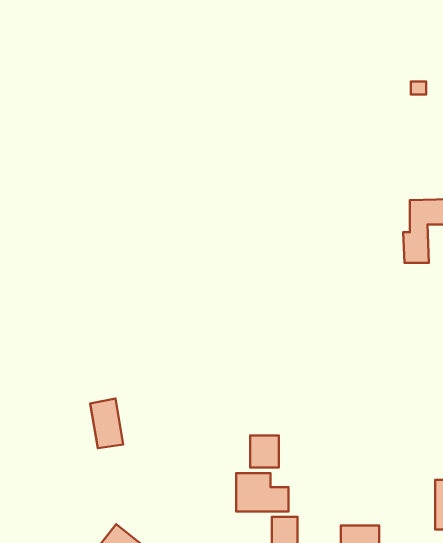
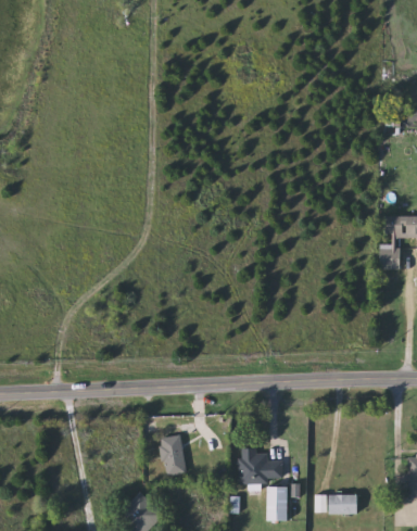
building: [90,398,123,448] -> [159,433,187,476]
building: [250,436,279,467] -> none

